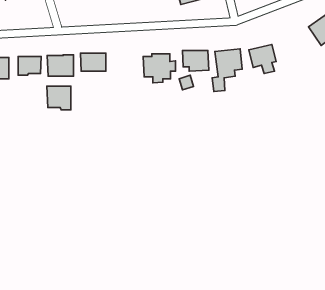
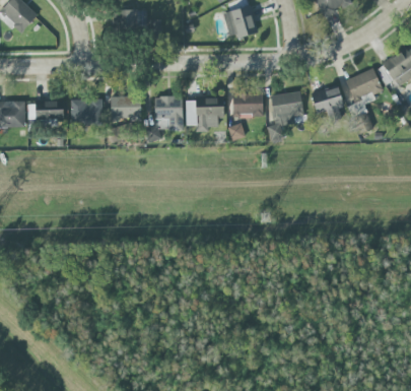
building: none -> [344,68,383,121]
building: none -> [146,96,183,140]
building: [47,86,71,110] -> none

